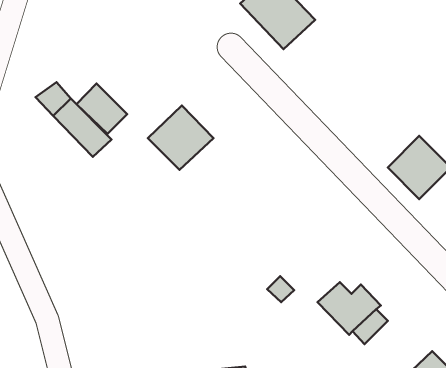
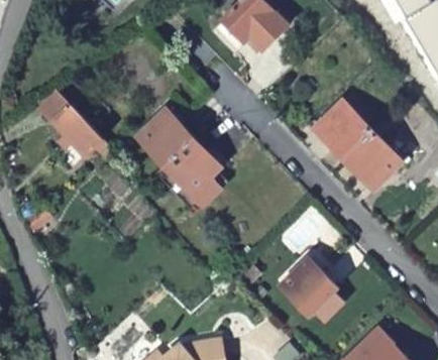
building: [77,83,127,134] -> none
building: none -> [318,112,370,165]
building: none -> [163,140,218,195]

